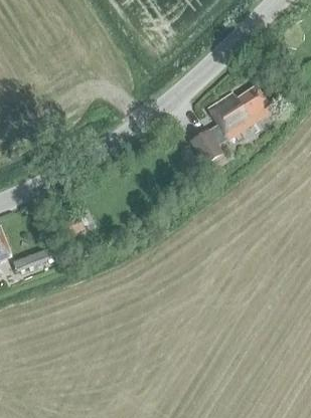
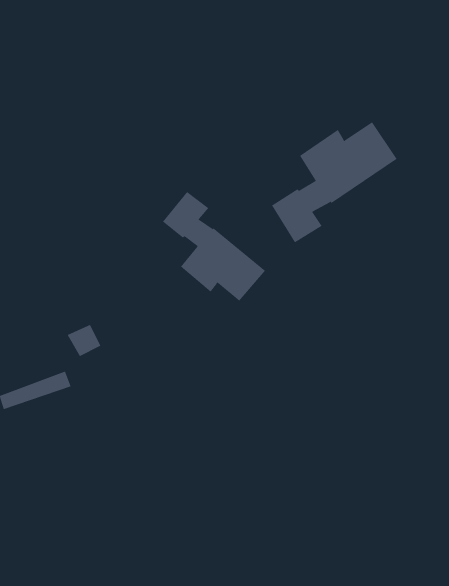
building: none -> [162,191,266,301]

